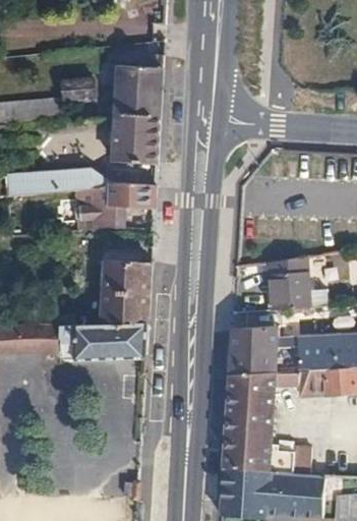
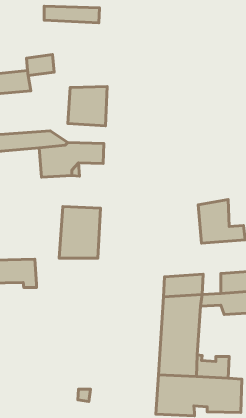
building: [115,55,163,117] -> none
building: [228,323,277,347] -> none
building: [71,325,147,359] -> none

